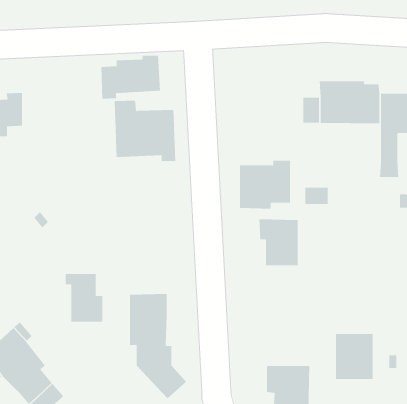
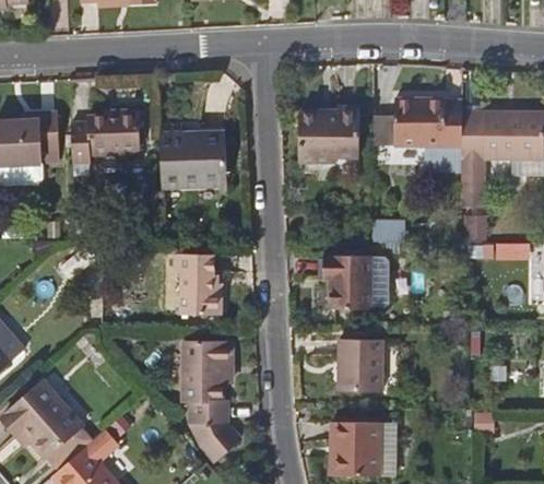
building: [101,55,161,99] -> [71,110,140,161]
building: [239,160,291,209] -> [299,107,358,163]
building: [65,273,103,322] -> [177,250,221,306]
building: [335,334,374,380] -> [339,341,382,393]

